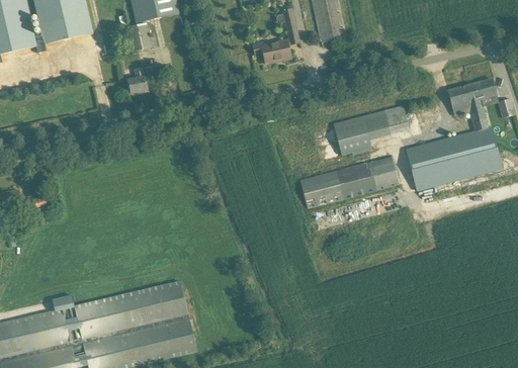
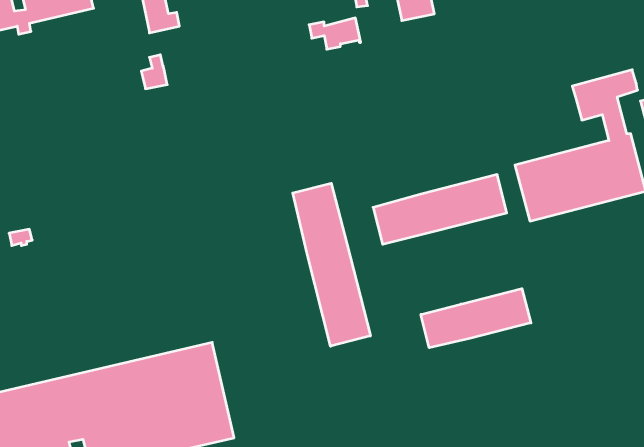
building: [332,104,409,155] -> none
building: none -> [293,183,370,346]
building: none -> [421,289,531,348]

